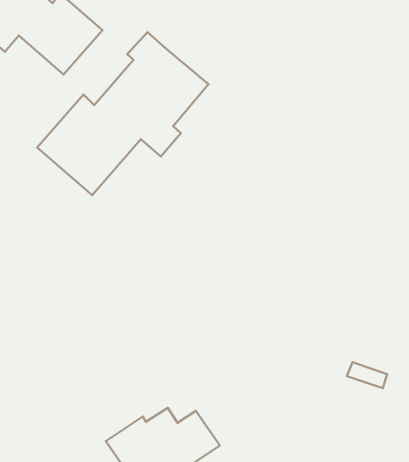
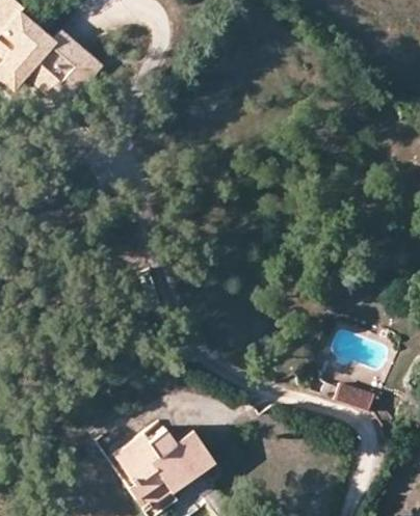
building: [37,32,209,195] -> none

